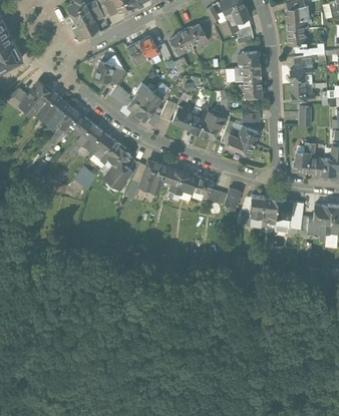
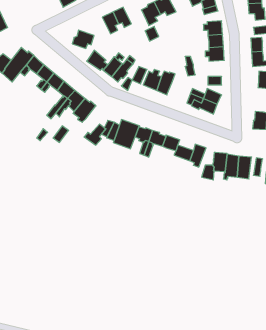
building: [198,110,223,138] -> none
building: [106,145,130,176] -> none

